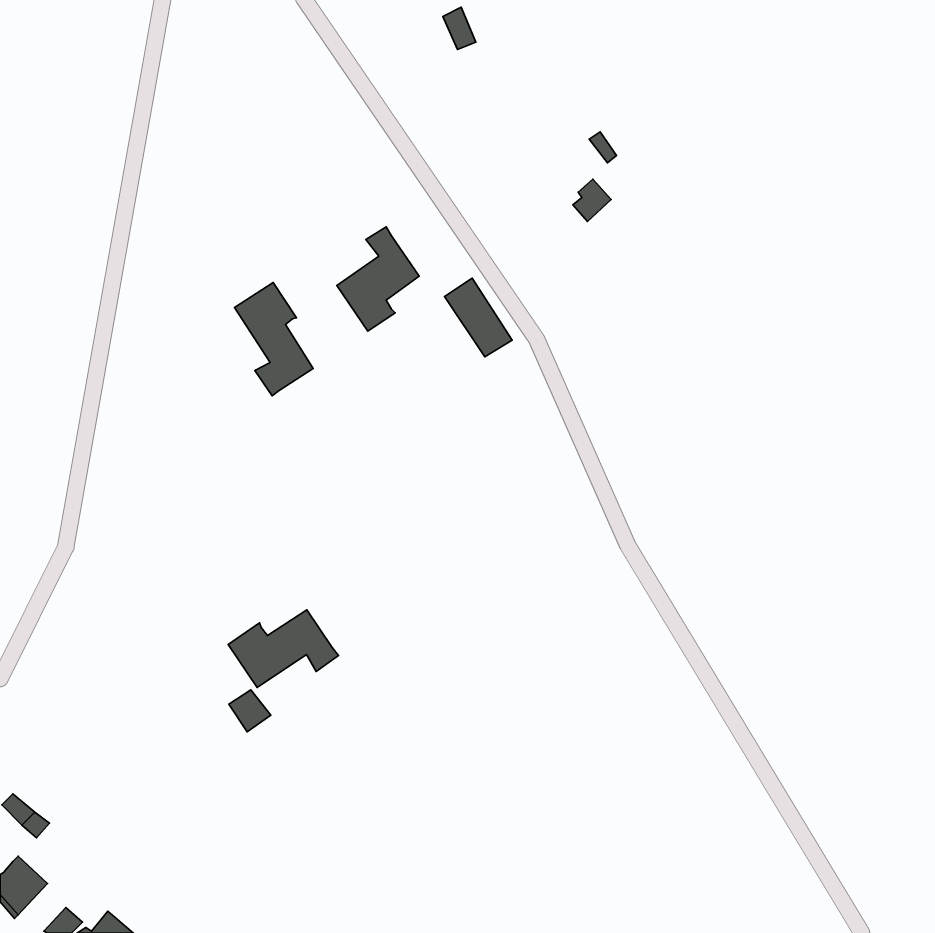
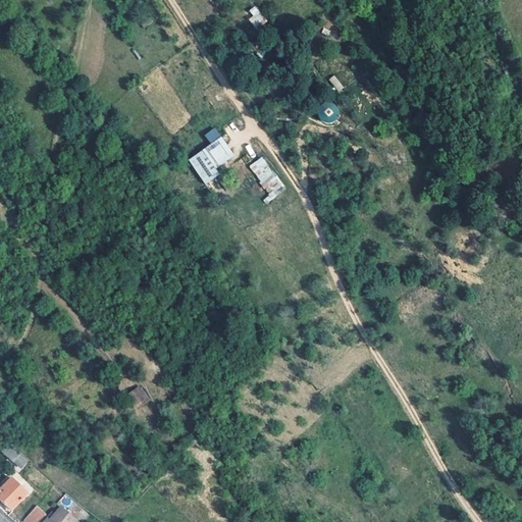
building: [234,282,313,396] -> none
building: [228,610,338,687] -> none

